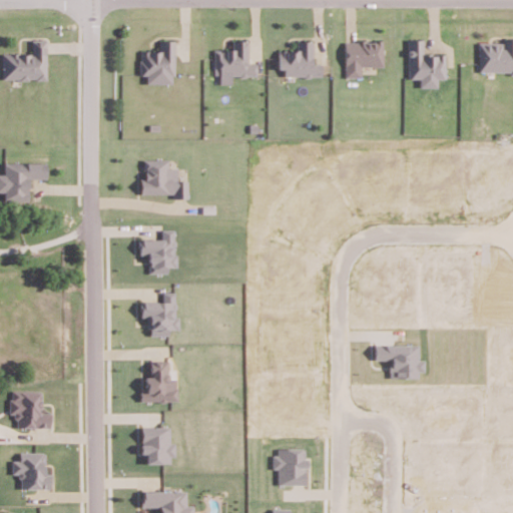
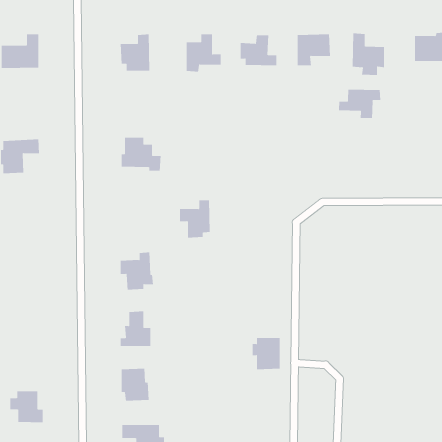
building: none -> [339,89,381,119]
building: [140,230,176,275] -> [179,200,211,238]
building: [374,345,425,379] -> none
building: [11,391,52,429] -> none
building: [272,449,305,486] -> [252,338,281,370]

